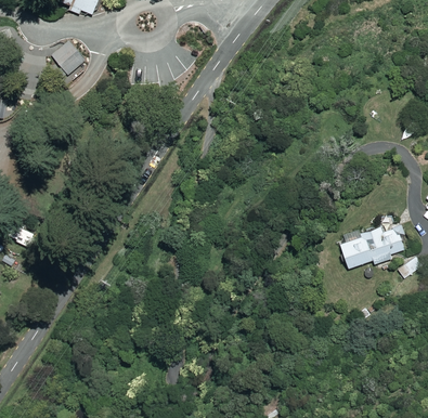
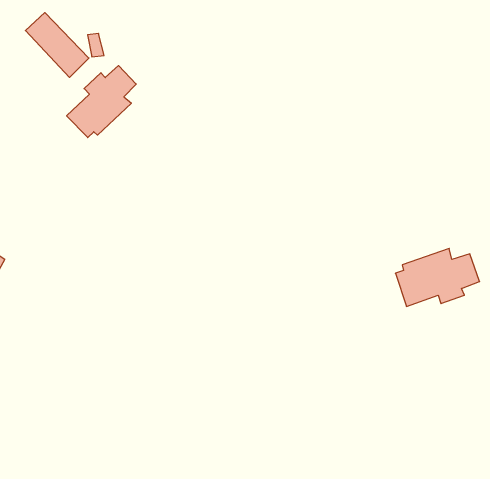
building: none -> [67,66,136,138]

